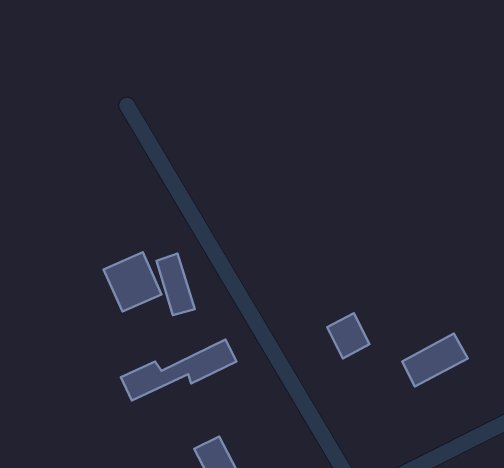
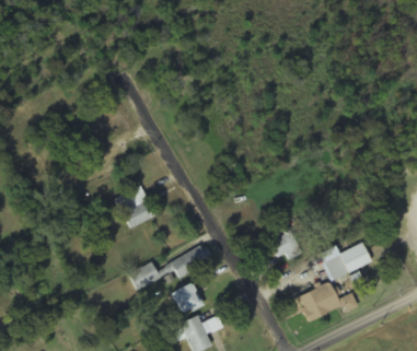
building: [156,253,195,315] -> none
building: none -> [169,281,202,315]
building: none -> [299,282,357,320]

